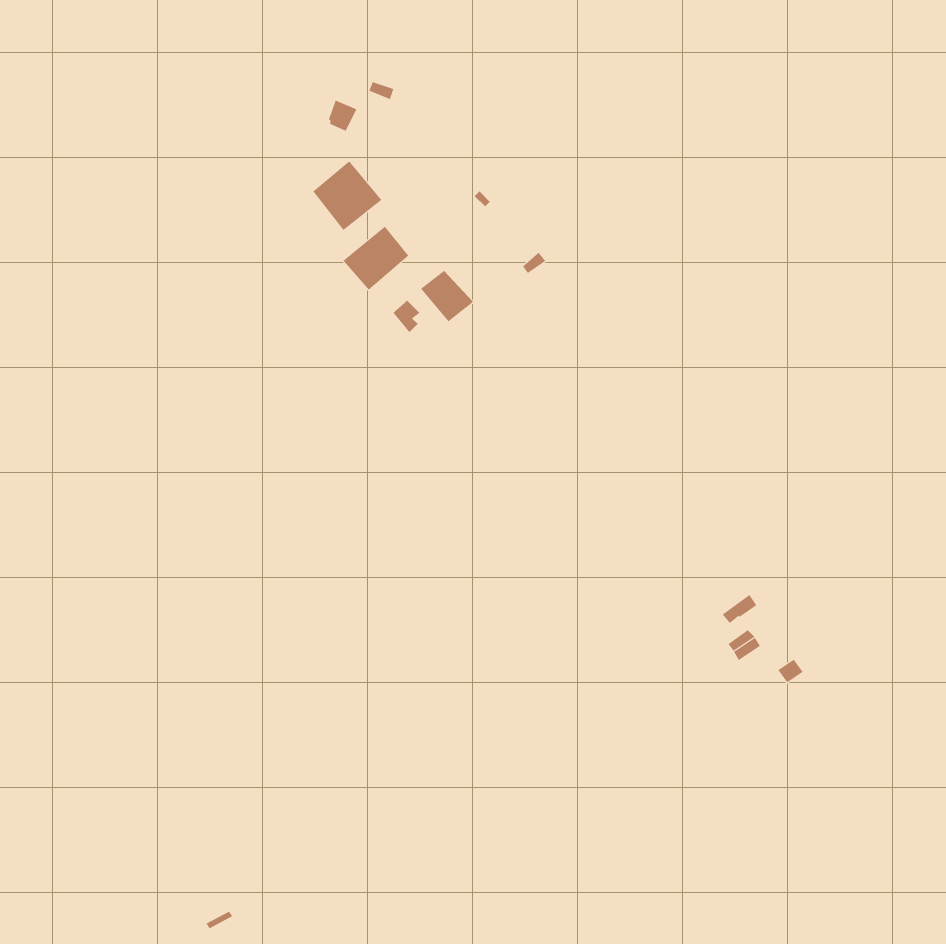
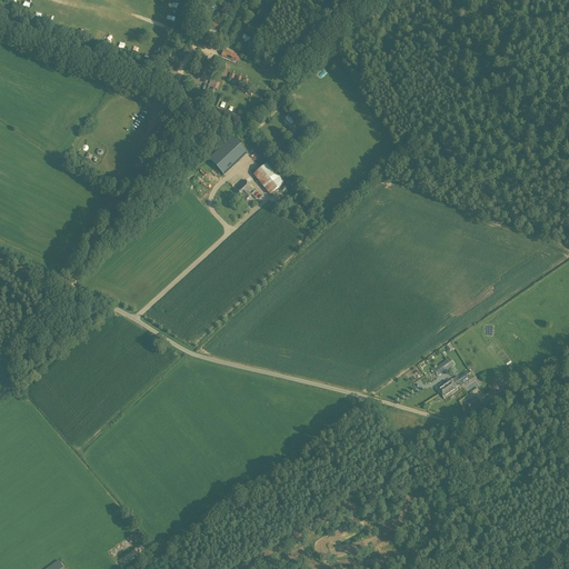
building: [313,160,382,231] -> none

